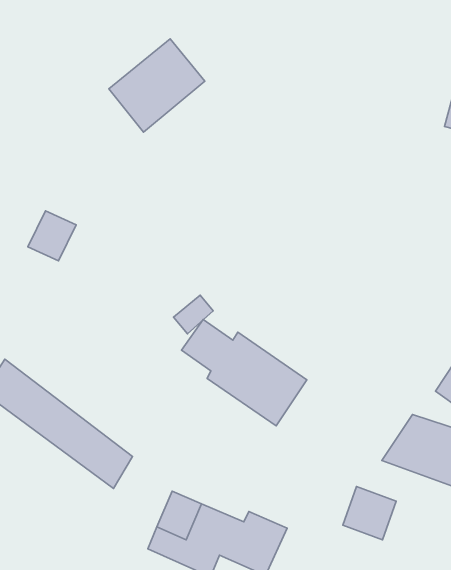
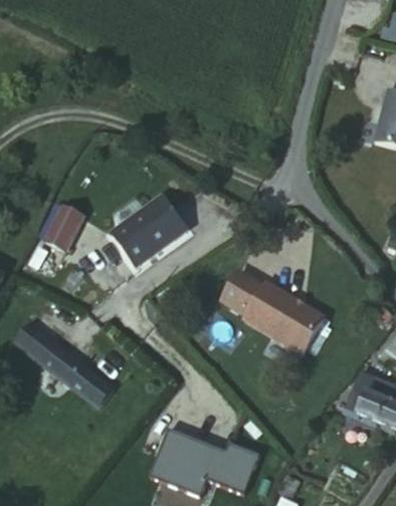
building: [109,39,205,132] -> [115,192,190,265]
building: [182,320,307,426] -> [225,271,324,354]
building: [343,487,396,540] -> none

